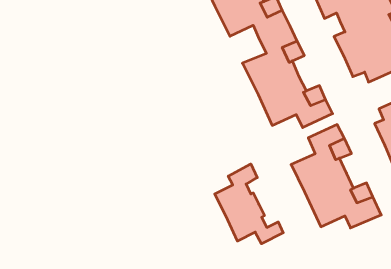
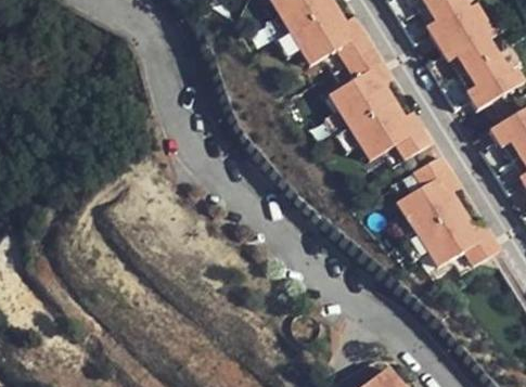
building: [215,164,283,244] -> none

